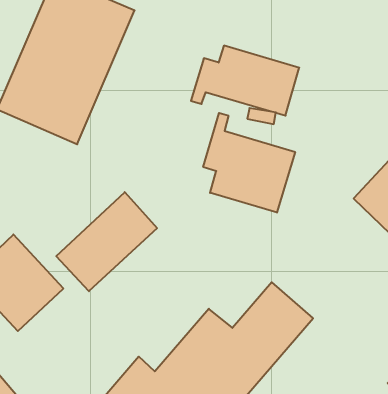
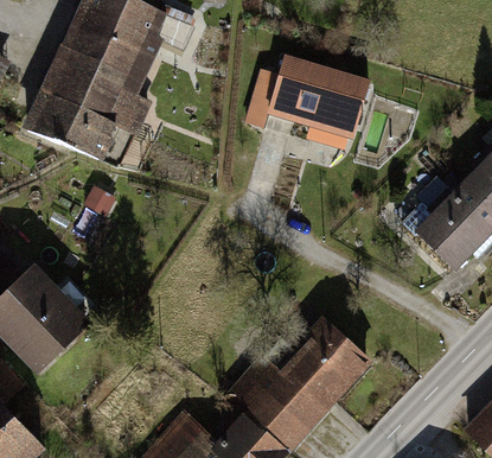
building: [203,113,295,213] -> none
building: [56,192,157,291] -> none

